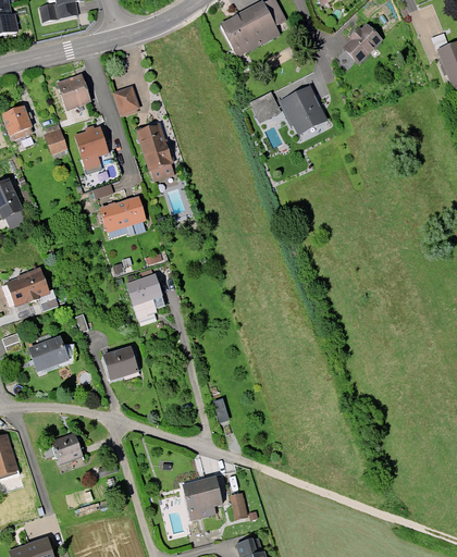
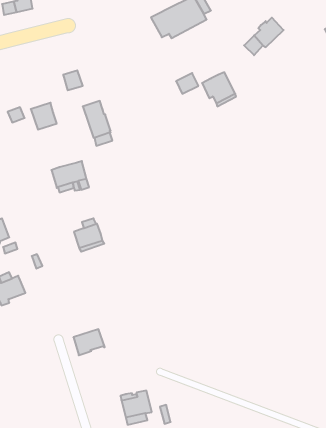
building: [58,75,90,109] -> none
building: [101,347,139,379] -> [73,329,105,355]
building: [51,433,82,462] -> none

